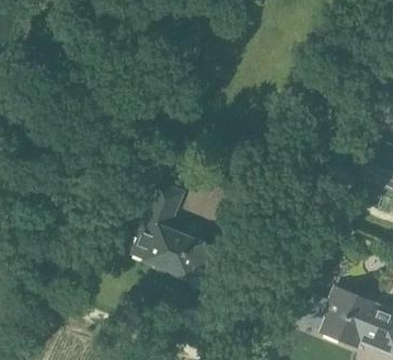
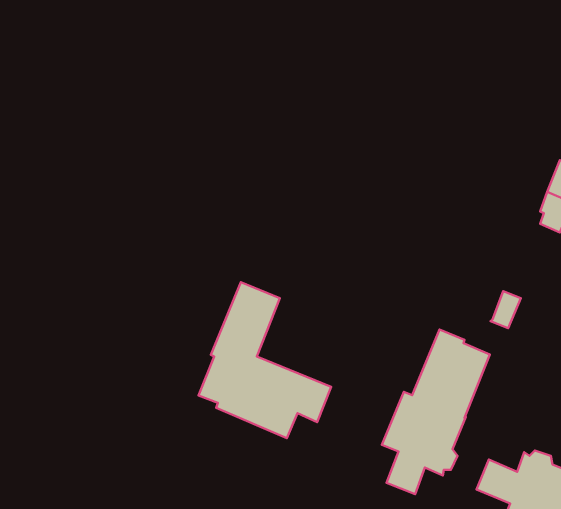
building: none -> [382,329,490,494]

